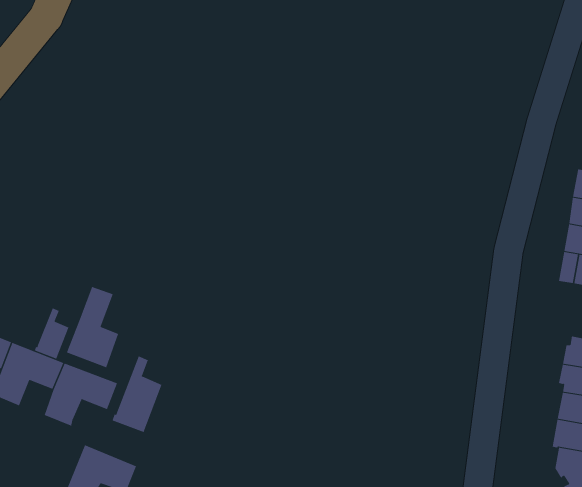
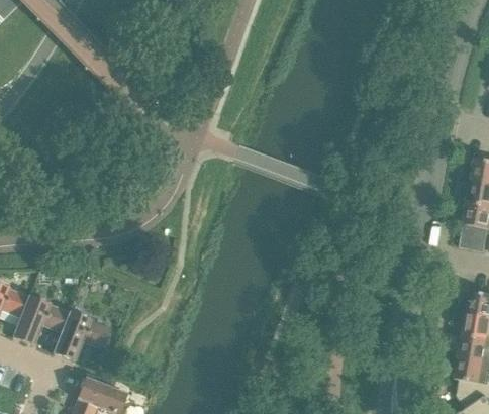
building: [66,286,119,368] -> none
building: [34,307,69,360] -> none
building: [112,356,162,433] -> none

